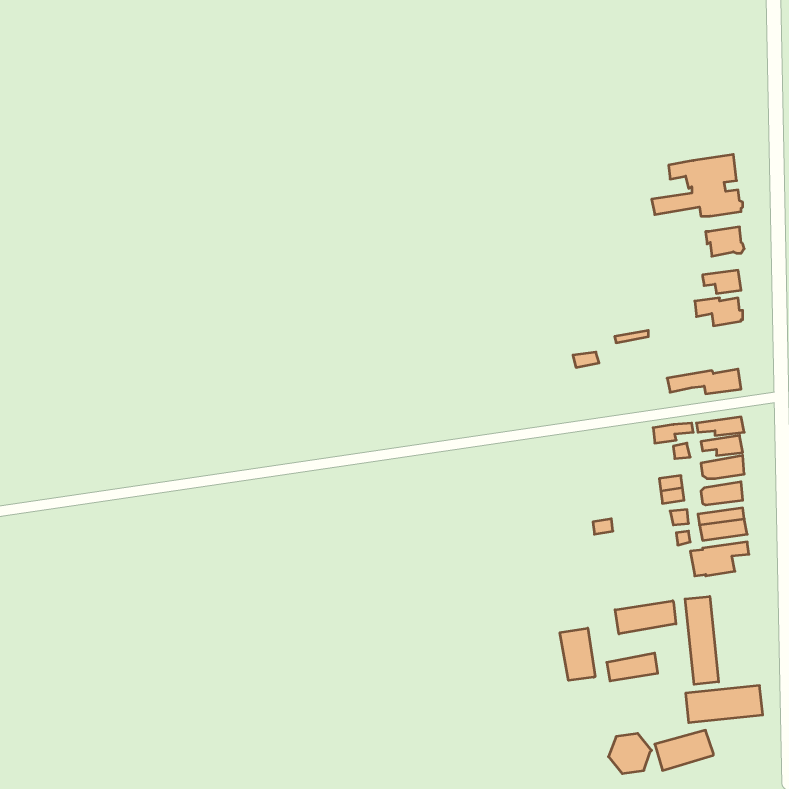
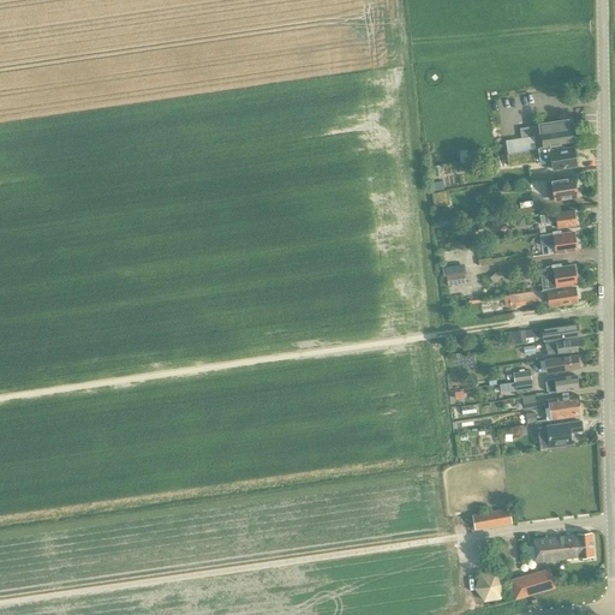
building: none -> [545,264,579,288]
building: [685,596,719,684] -> none
building: [615,601,676,634] -> none
building: [560,628,595,680] -> none

